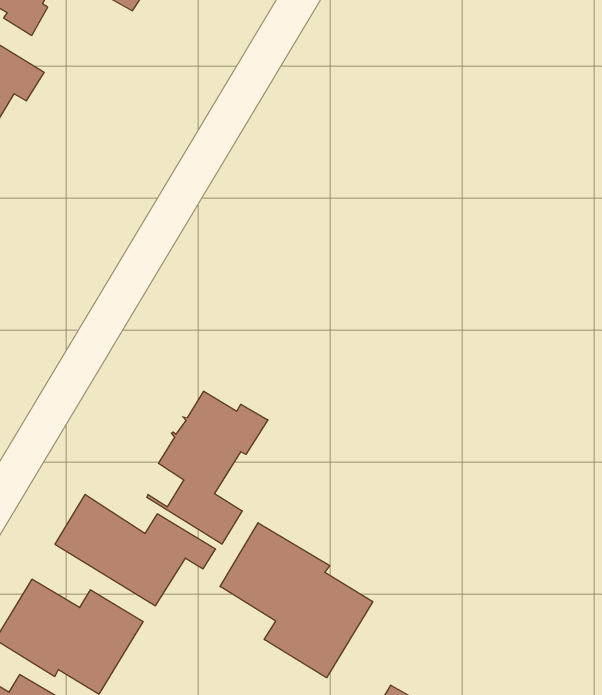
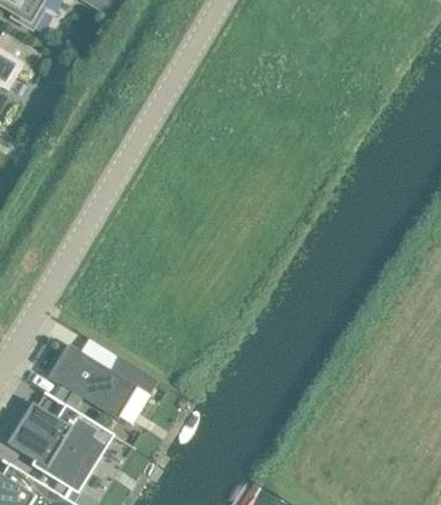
building: [147,391,268,544] -> none
building: [220,523,373,678] -> none

